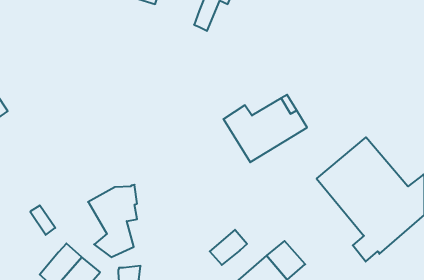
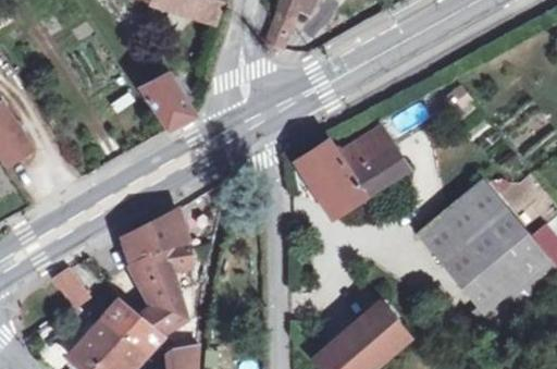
building: none -> [139,73,193,127]
building: none -> [124,211,185,262]
building: [210,230,247,265] -> none
building: none -> [103,298,161,350]

